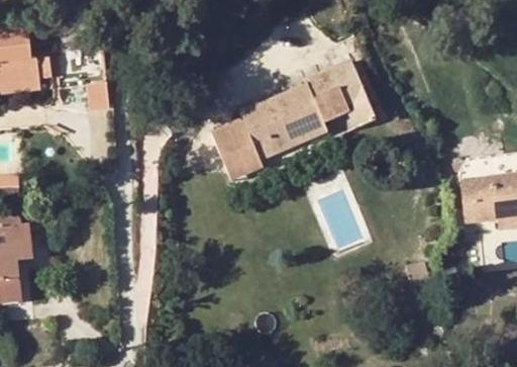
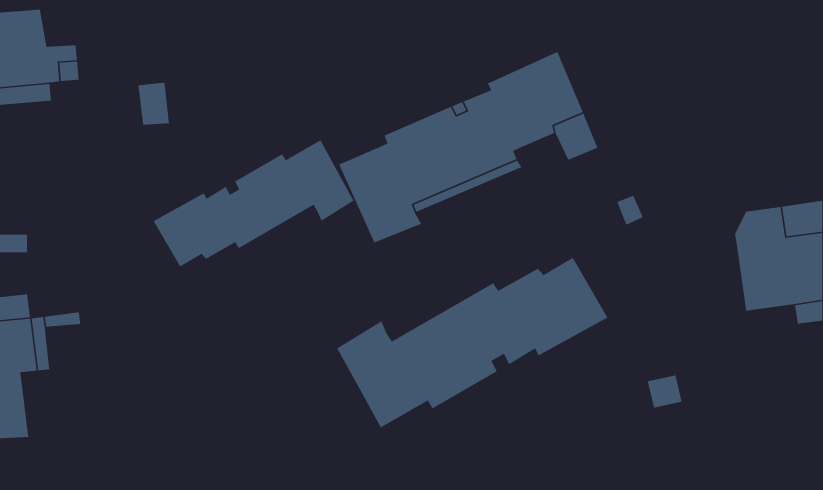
building: none -> [153,139,355,267]
building: none -> [336,257,608,429]

